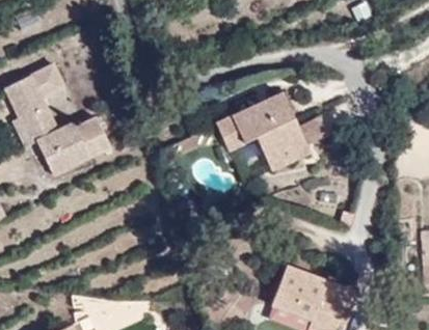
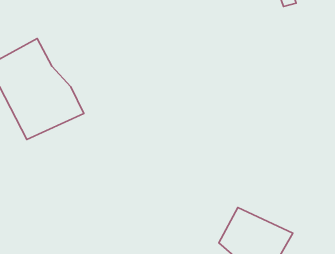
building: [210,88,317,181] -> none

